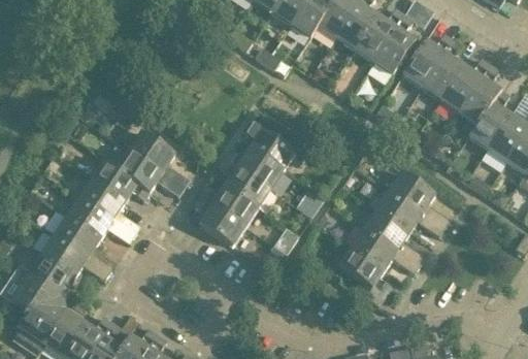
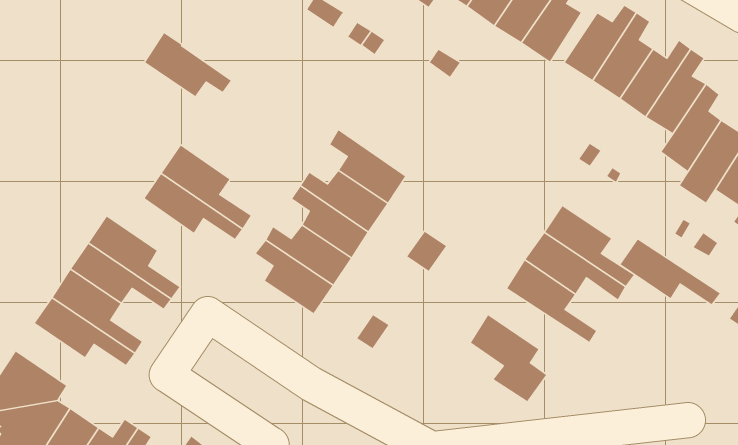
building: [91,158,151,202] -> [144,32,232,97]
building: [351,228,420,273] -> [619,239,721,305]
building: [29,252,76,294] -> none

